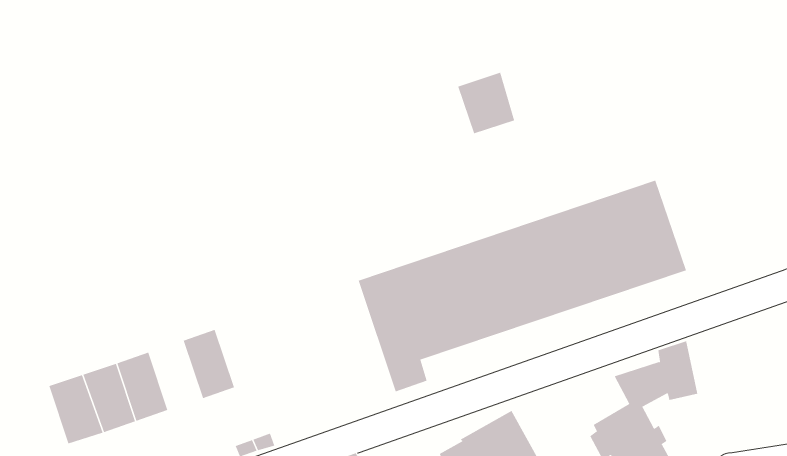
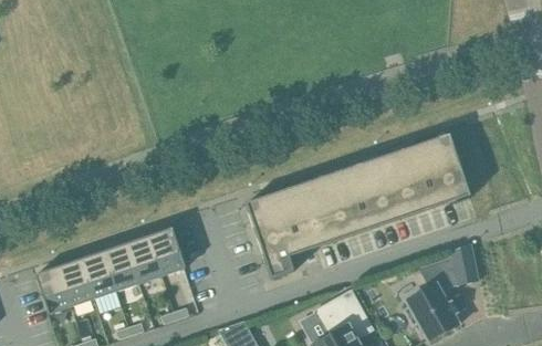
building: [458,72,515,134] -> none
building: none -> [148,228,186,275]
building: none -> [103,243,139,291]

